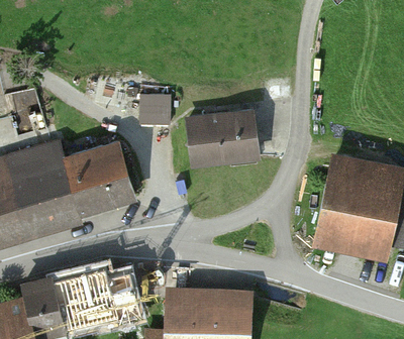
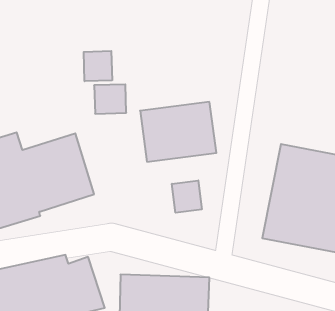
building: none -> [84,51,112,81]
building: none -> [172,180,202,213]

